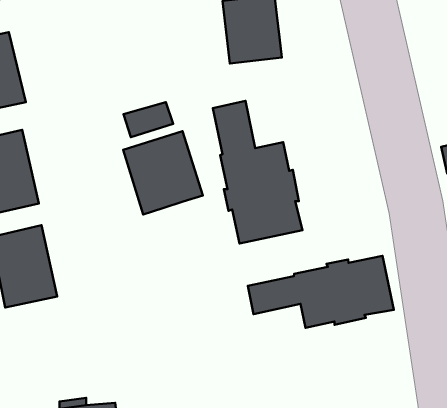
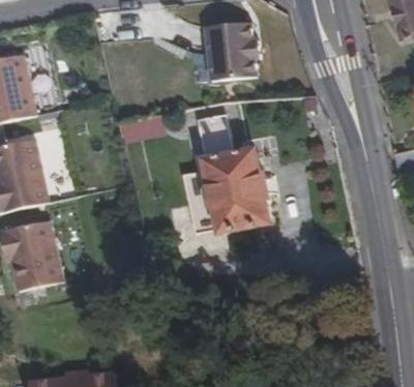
building: [123,131,203,214] -> none
building: [248,256,394,328] -> none

